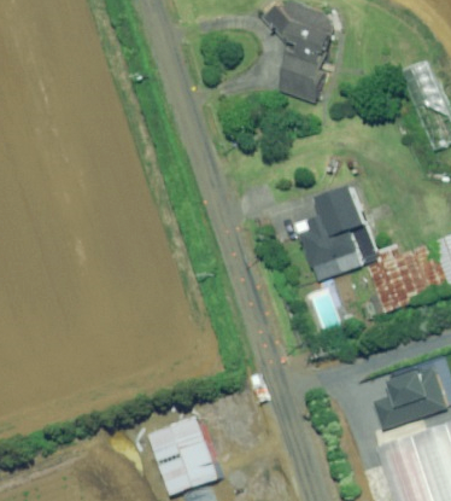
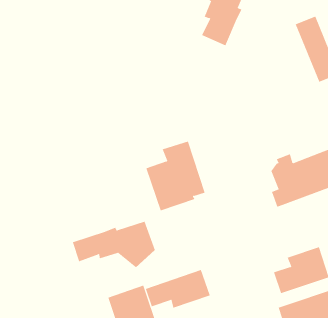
building: [298,186,377,279] -> [146,141,206,211]
building: none -> [72,221,155,268]
building: none -> [145,269,211,309]

